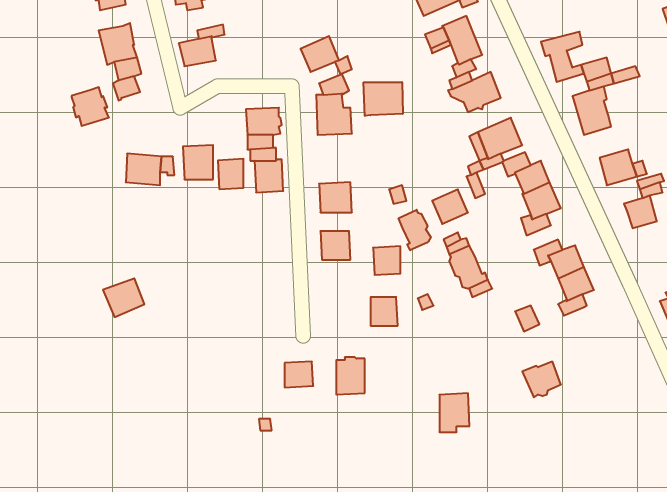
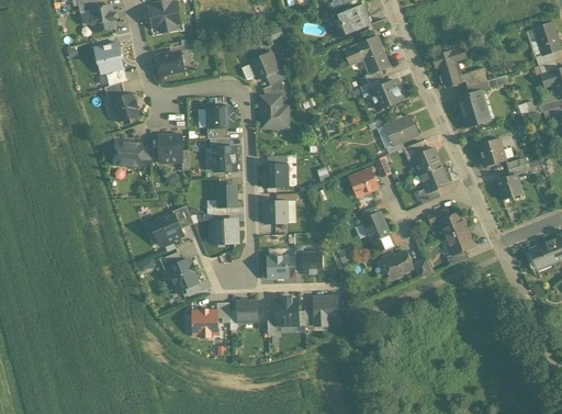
building: [364,82,403,116] -> none
building: [72,87,109,126] -> [112,92,140,122]
building: [218,159,244,189] -> [217,184,237,208]
building: [399,210,431,250] -> none
building: [373,246,400,275] -> [268,256,289,278]
building: none -> [214,221,236,242]
building: [103,278,144,317] -> [151,215,183,245]
building: none -> [168,258,199,291]
building: [522,362,561,397] -> [383,250,413,278]
building: none -> [192,309,220,338]
building: [439,393,469,432] -> [315,295,338,325]

